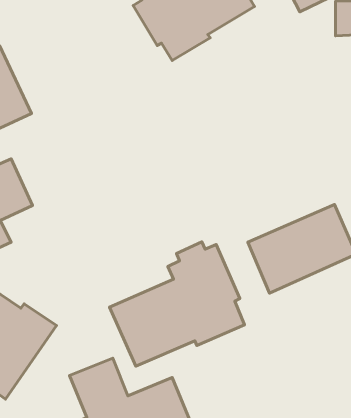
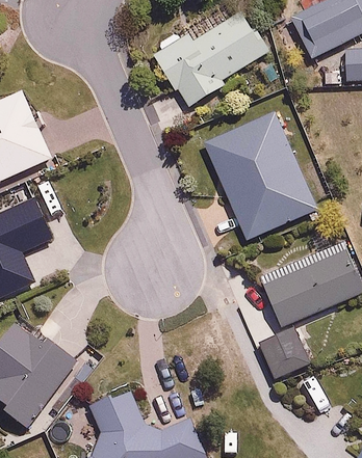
building: none -> [202,112,317,242]
building: [110,242,245,366] -> none
building: none -> [260,331,308,379]

